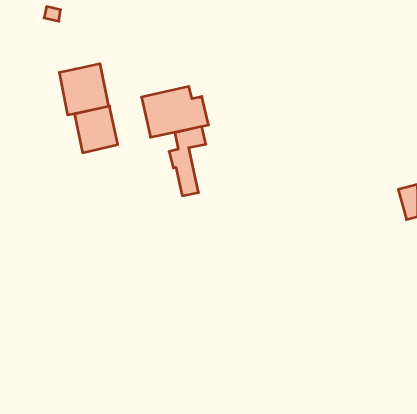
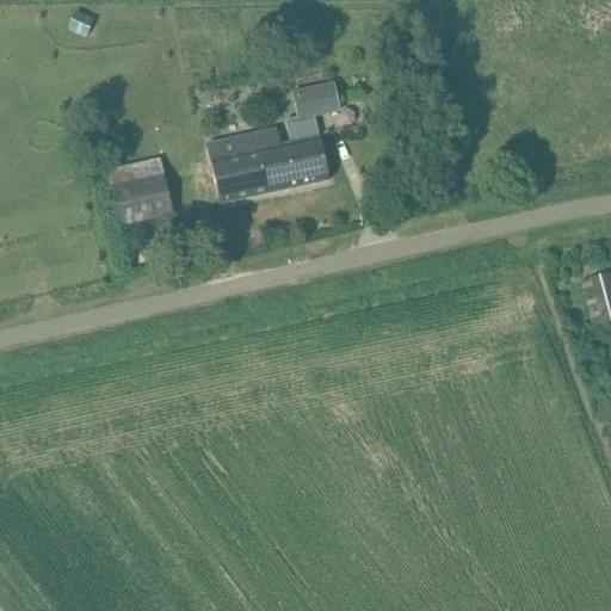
building: [59,64,109,115] -> none
building: [169,126,206,196] -> [286,81,340,183]

